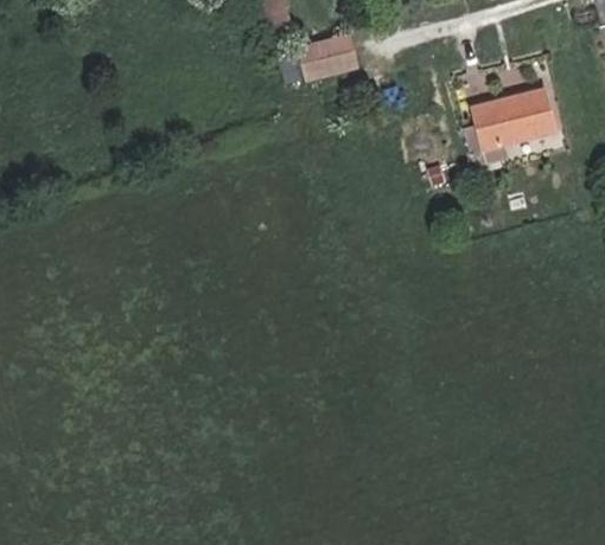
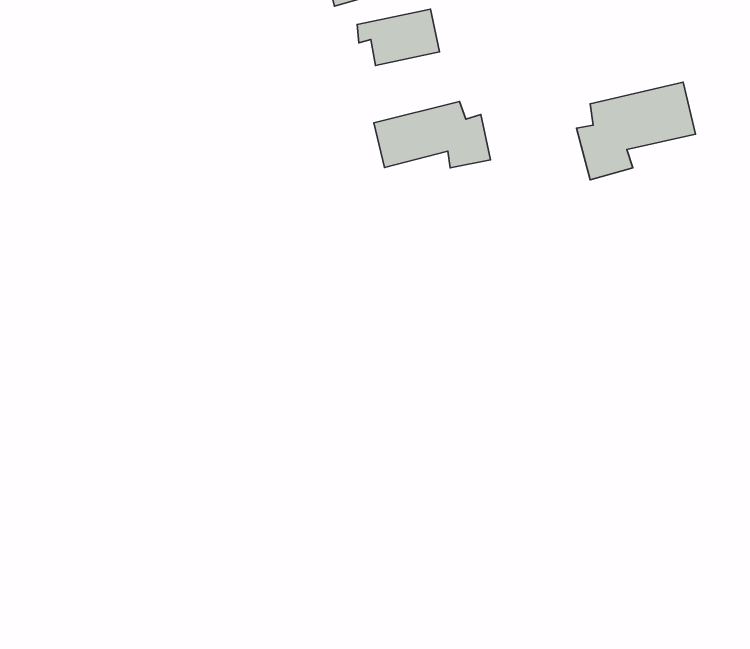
building: none -> [374,101,491,168]

